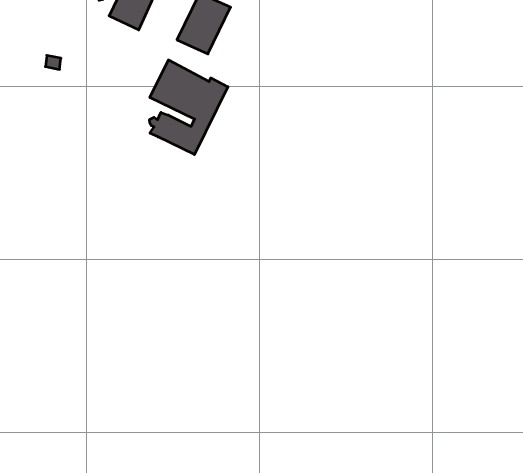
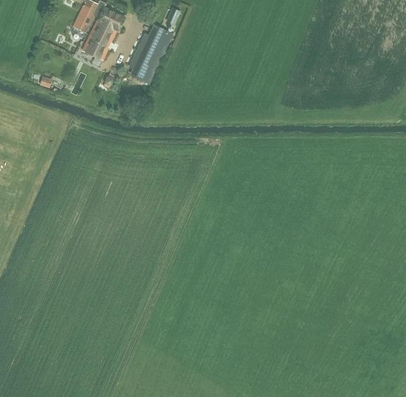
building: [150,60,228,155] -> none

